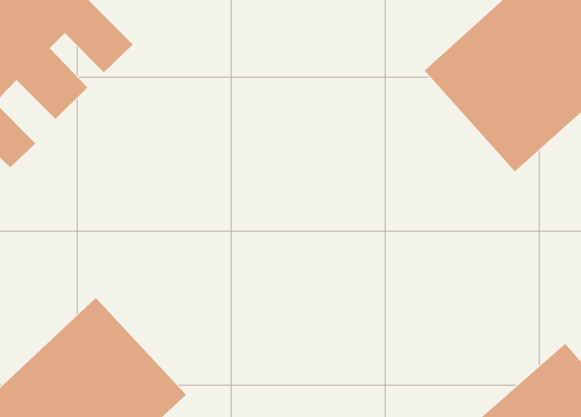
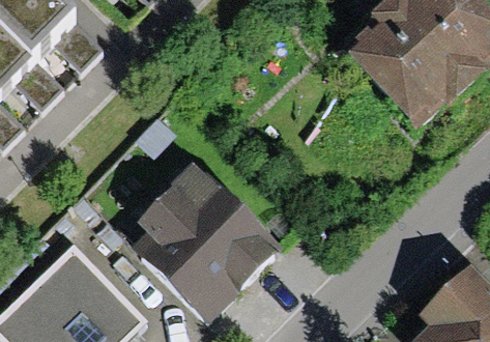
building: none -> [131,176,286,331]

